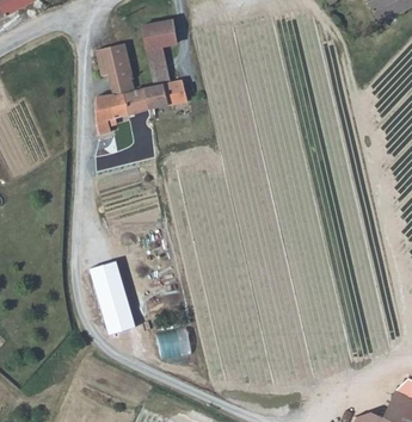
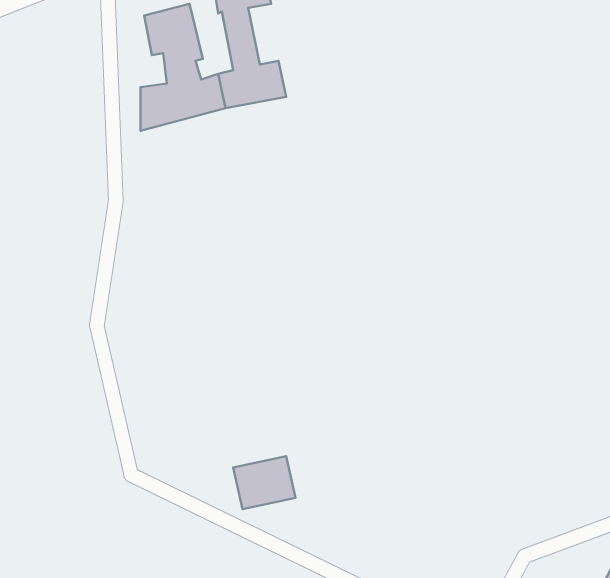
building: [85,263,128,336] -> none

